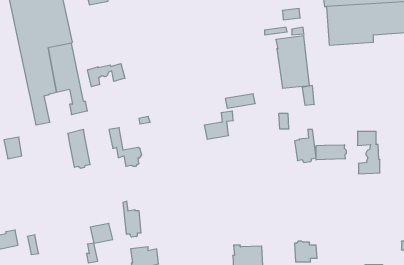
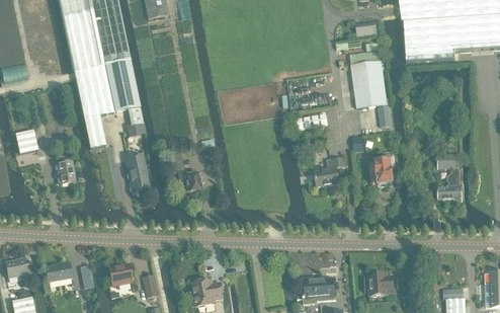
building: [88,64,125,87] -> none
building: [204,111,233,139] -> [313,156,344,186]
building: [316,145,346,160] -> none
building: [123,201,141,237] -> none
building: [90,223,113,243] -> [107,263,132,285]

